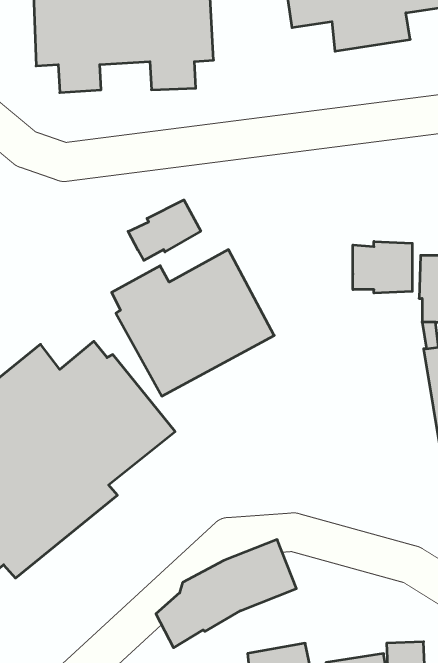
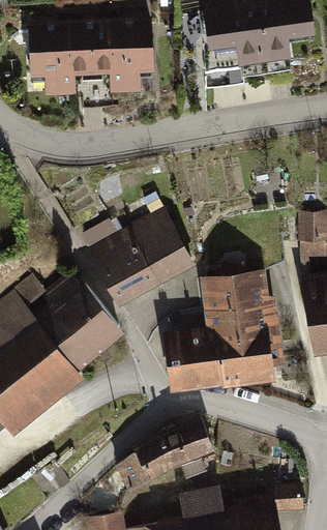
building: [128,200,201,260] -> none
building: [353,241,412,293] -> none
building: none -> [162,263,285,394]

